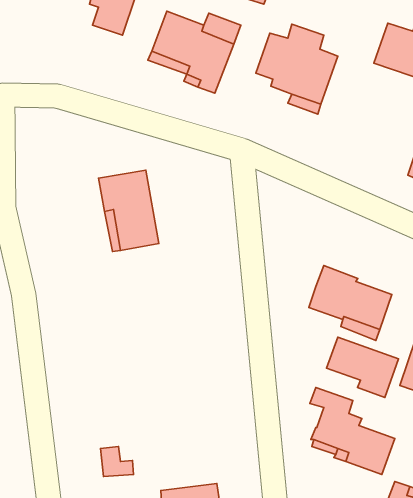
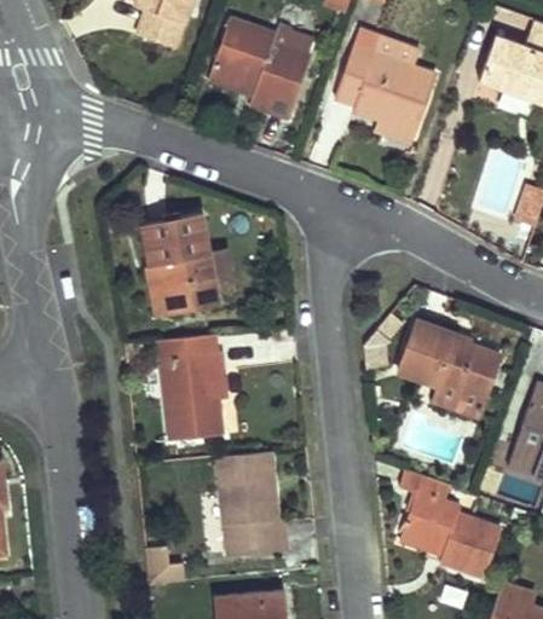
building: none -> [163,330,225,440]
building: [327,337,398,397] -> none
building: none -> [220,447,282,549]

